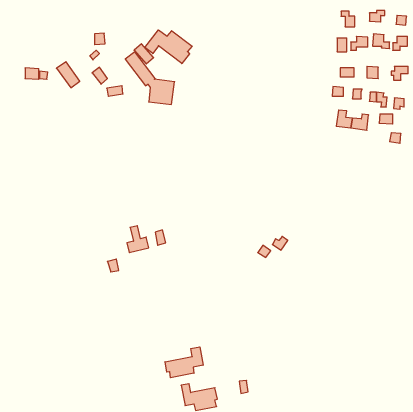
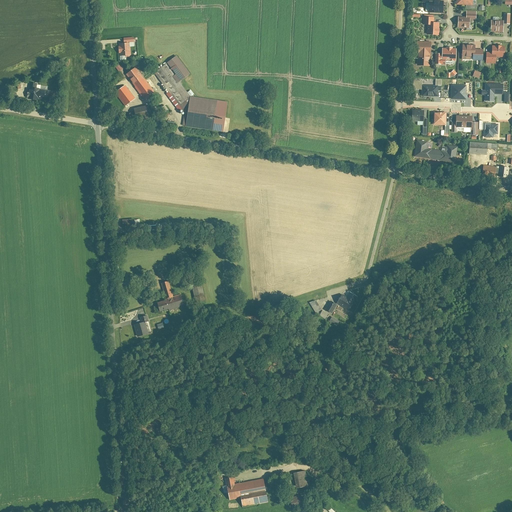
building: [145,30,192,64] -> none
building: [56,62,80,88] -> [125,65,154,97]
building: [165,347,203,378] -> none

